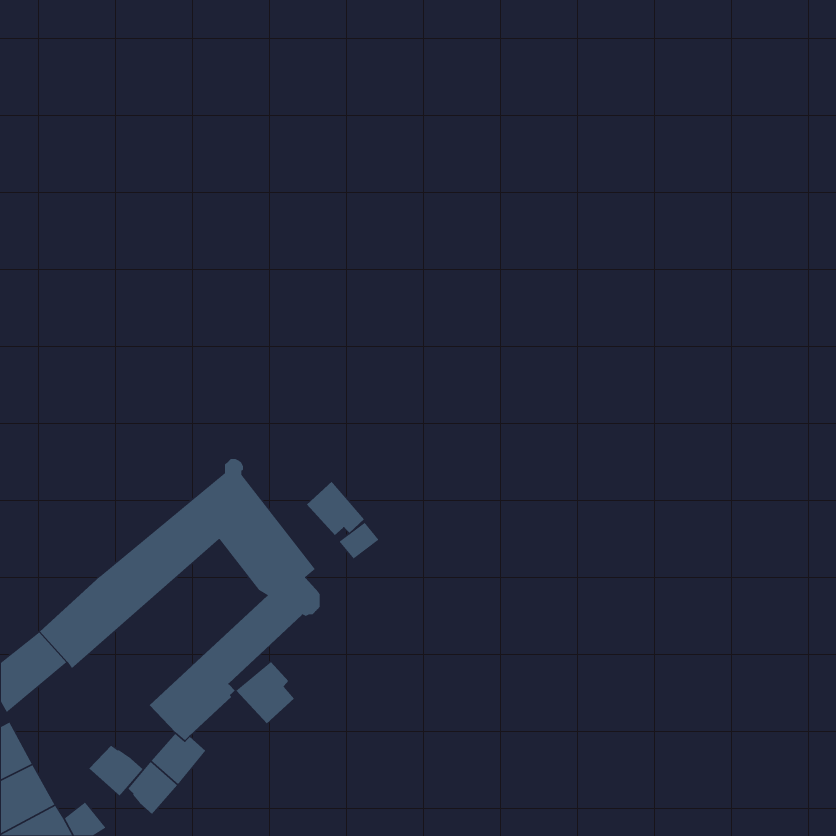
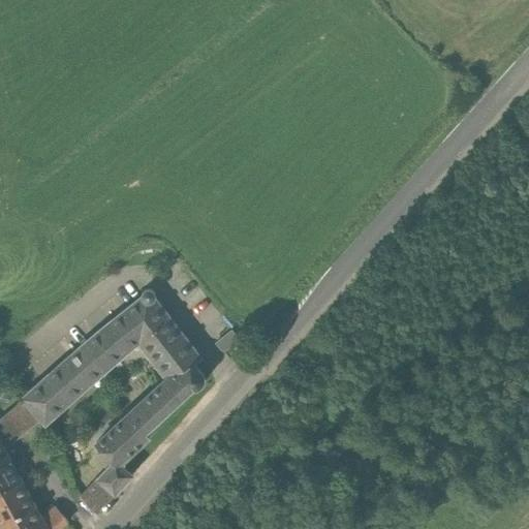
building: [306,481,365,536] -> none
building: [236,661,295,724] -> none
building: [88,745,144,796] -> none

